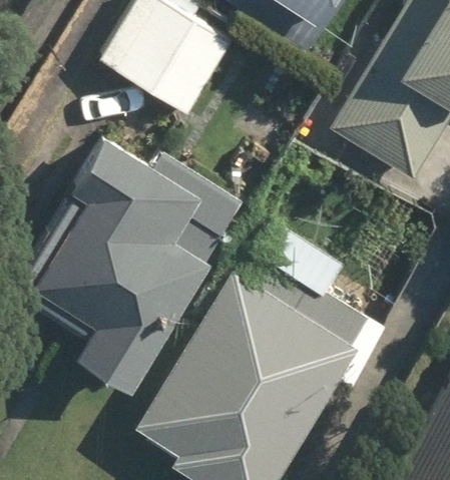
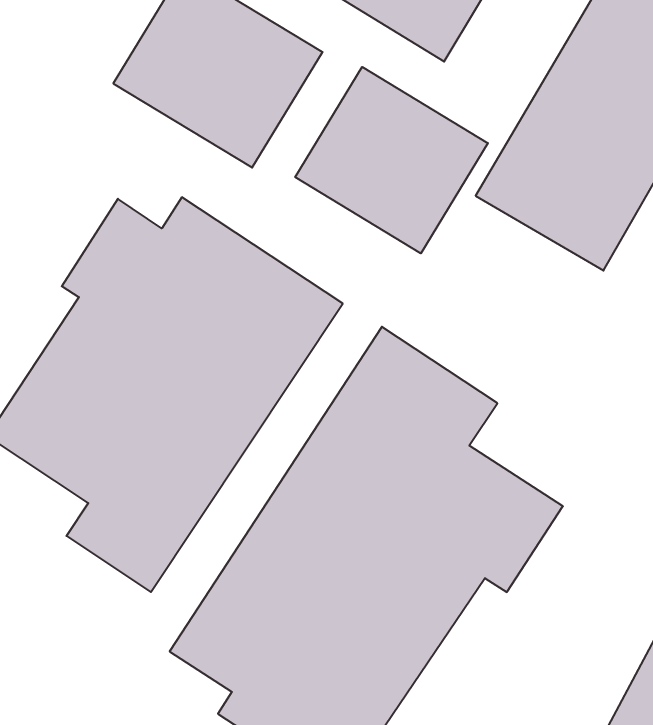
building: none -> [295,67,488,253]

